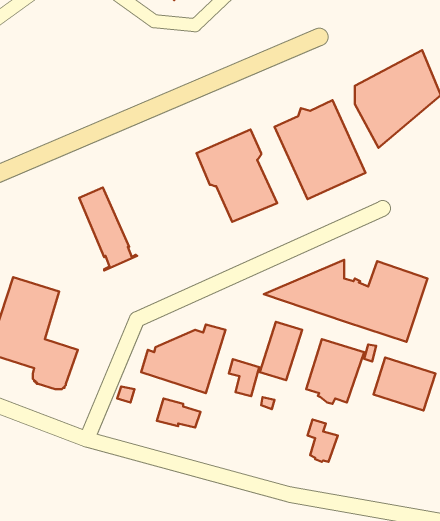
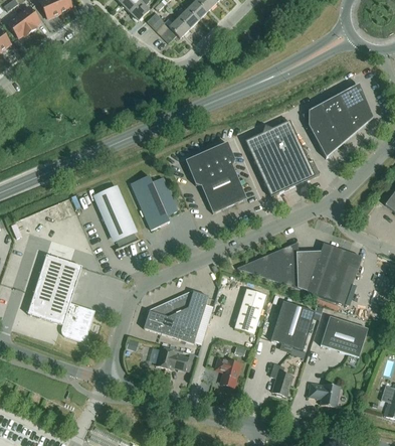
building: none -> [131,174,178,230]
building: [229,359,259,396] -> [216,357,239,386]
building: none -> [309,383,340,407]

